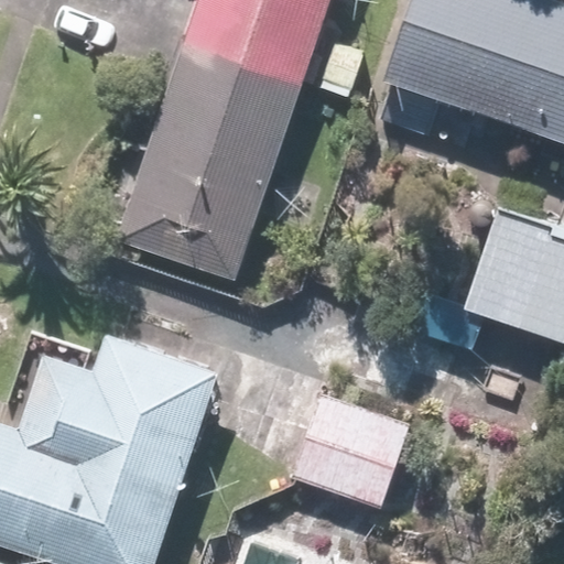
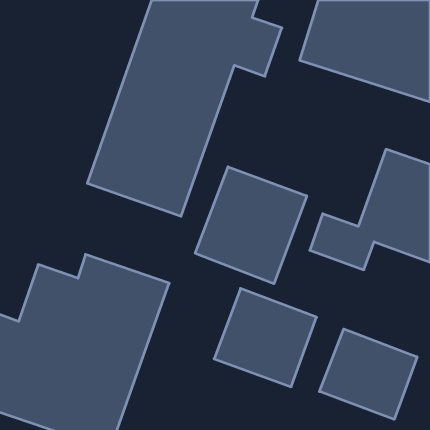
building: none -> [195,167,307,284]
building: none -> [319,329,417,419]

